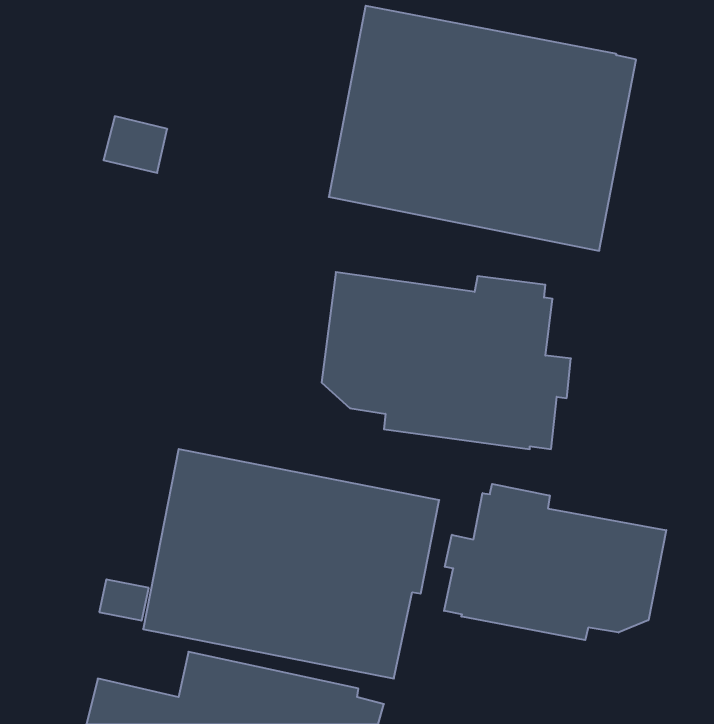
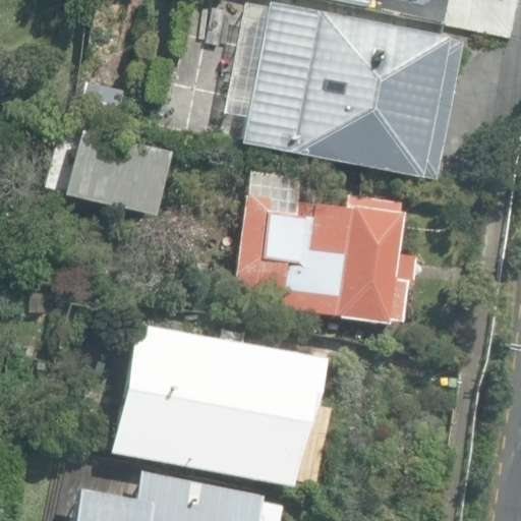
building: none -> [66,127,175,218]
building: [444,484,666,640] -> none

